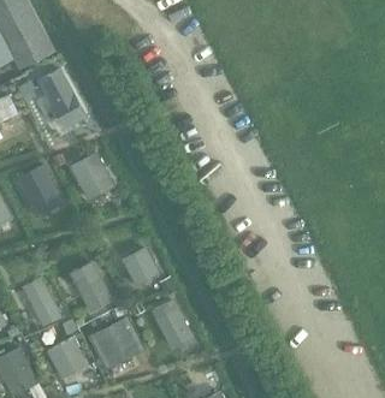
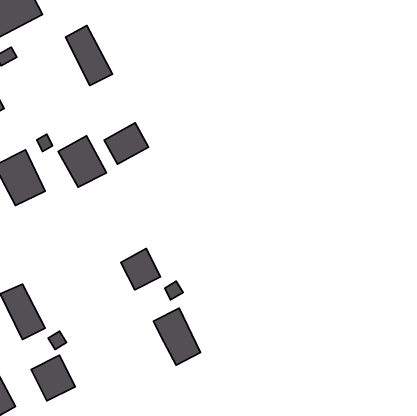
building: [37,72,77,123] -> [66,26,113,86]
building: none -> [104,123,148,164]
building: [71,265,111,310] -> none
building: [93,321,140,364] -> none

